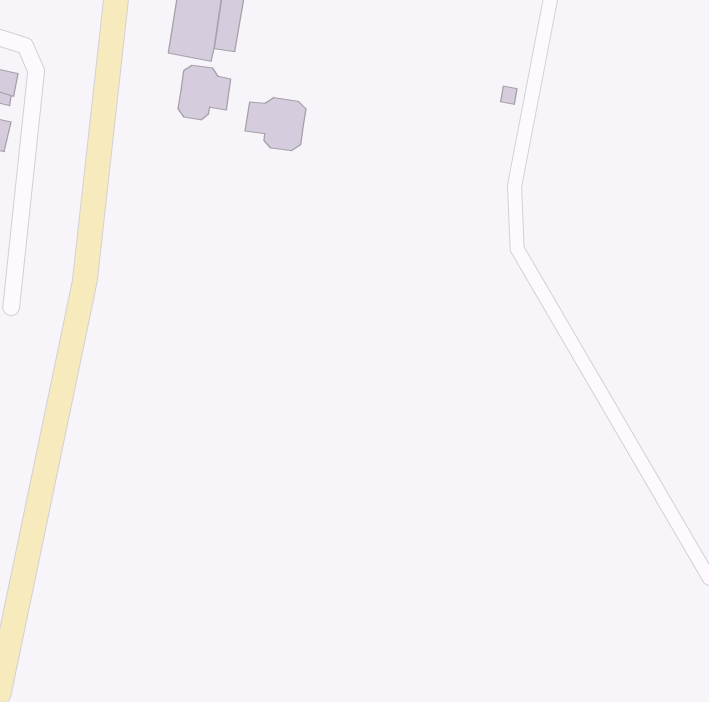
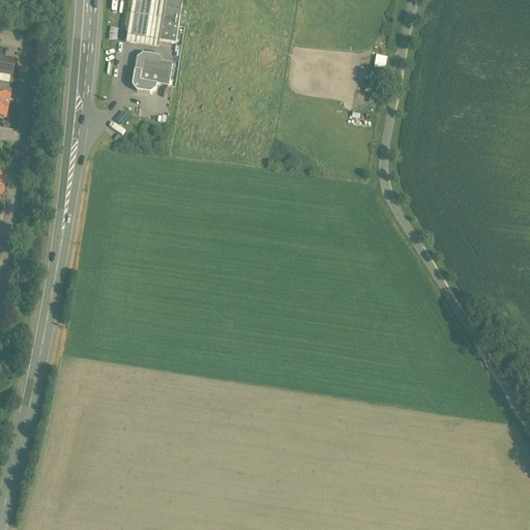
building: [245,97,306,151] -> none

